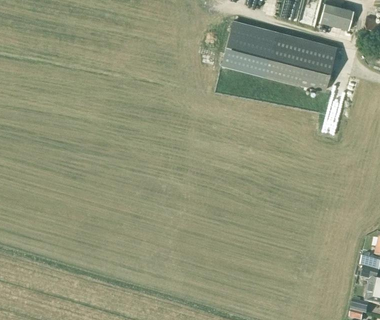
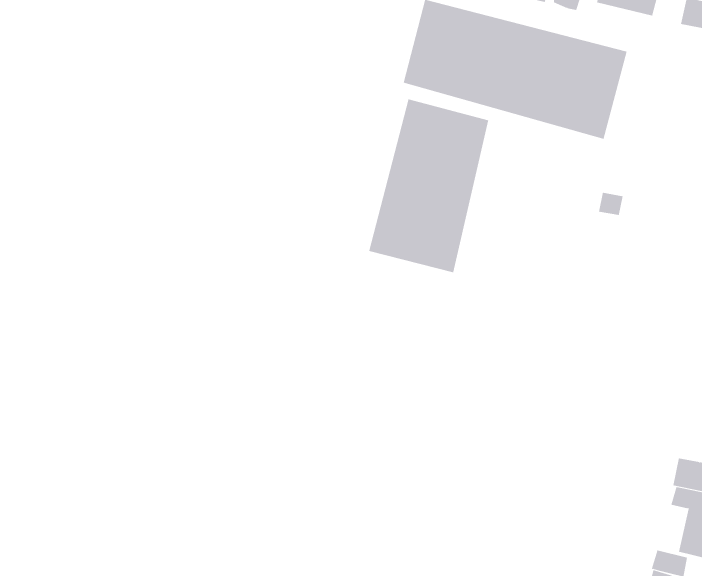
building: none -> [369,98,489,273]

